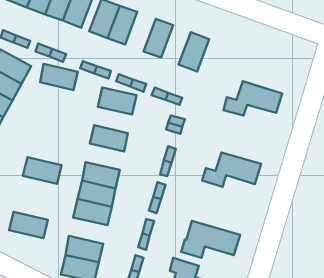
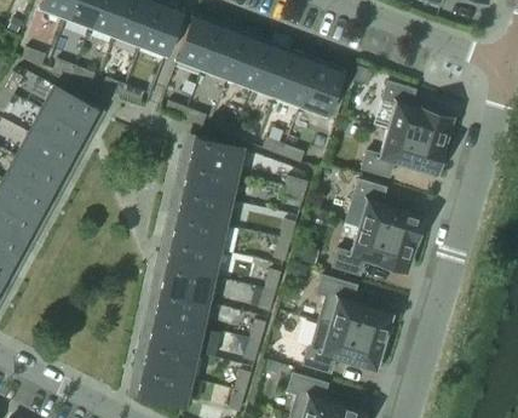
building: none -> [226,34,269,88]
building: none -> [276,52,317,107]
building: none -> [382,82,451,147]
building: [40,64,78,90] -> [184,165,236,201]
building: none -> [353,179,422,244]
building: [23,157,62,184] -> [172,216,225,252]
building: none -> [317,276,392,342]
building: [9,212,48,238] -> [149,317,202,354]

